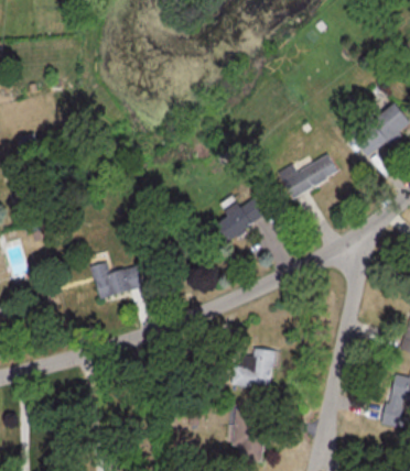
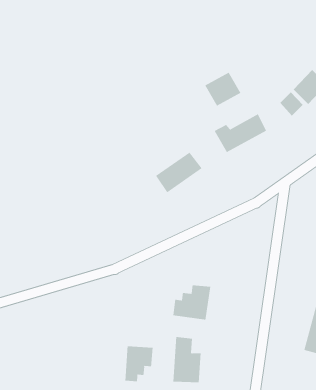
building: none -> [205,72,241,106]
building: [90,262,143,298] -> none
building: none -> [125,345,153,382]

